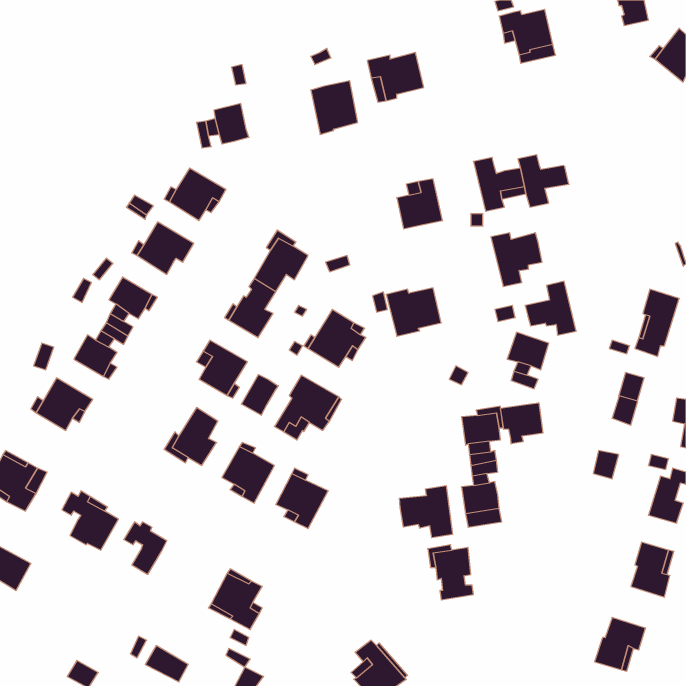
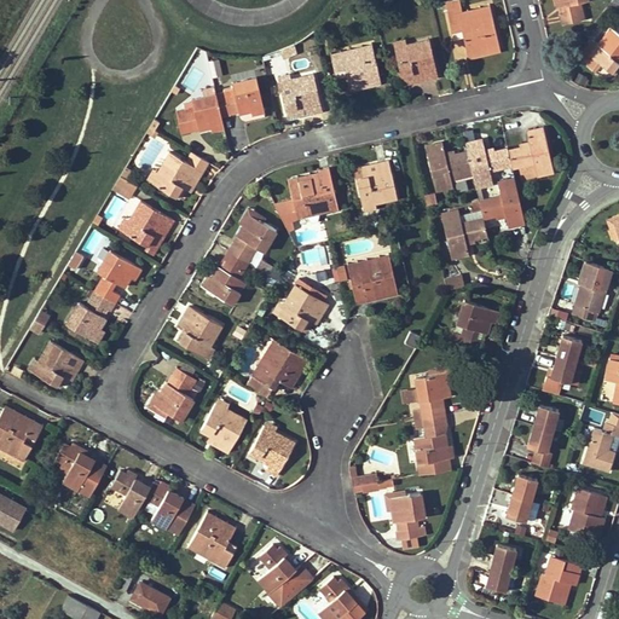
building: none -> [394,40,438,81]
building: none -> [216,77,264,117]
building: none -> [508,128,554,177]
building: none -> [289,172,339,224]
building: [525,281,576,335] -> [479,179,525,227]
building: [241,375,278,415] -> none
building: [501,403,543,444] -> none
building: none -> [527,427,550,468]
building: [399,486,453,538] -> none
building: none -> [505,474,536,522]
building: none -> [145,481,183,528]
building: none -> [258,544,313,606]
building: none -> [485,544,515,591]

